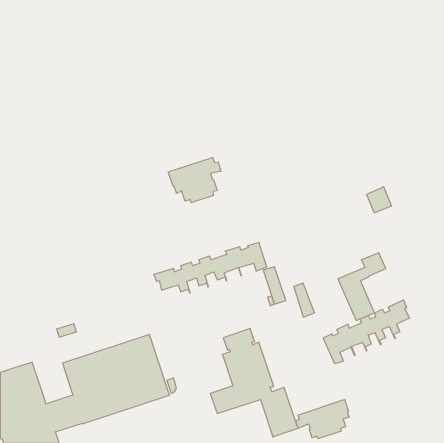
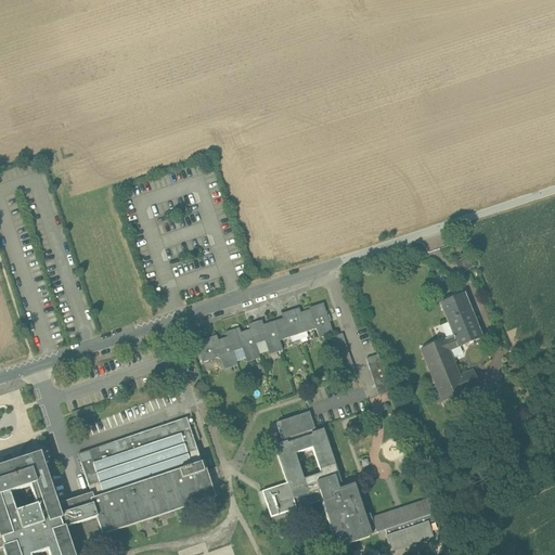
building: [168,157,221,203] -> none
building: [366,187,392,213] -> [441,292,473,324]
building: [323,300,409,364] -> none

